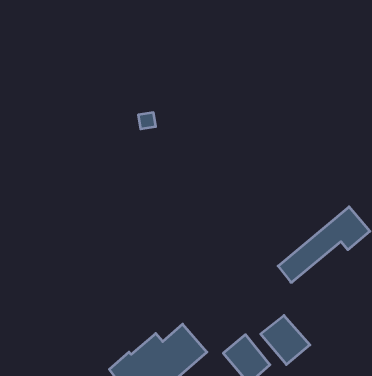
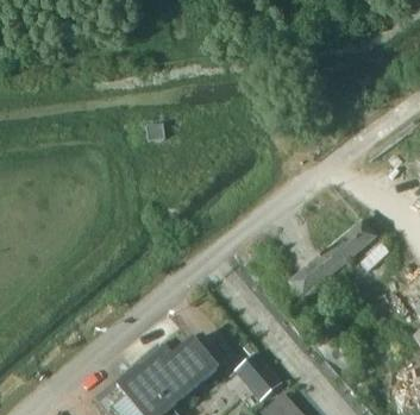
building: [261,315,310,365] -> none

